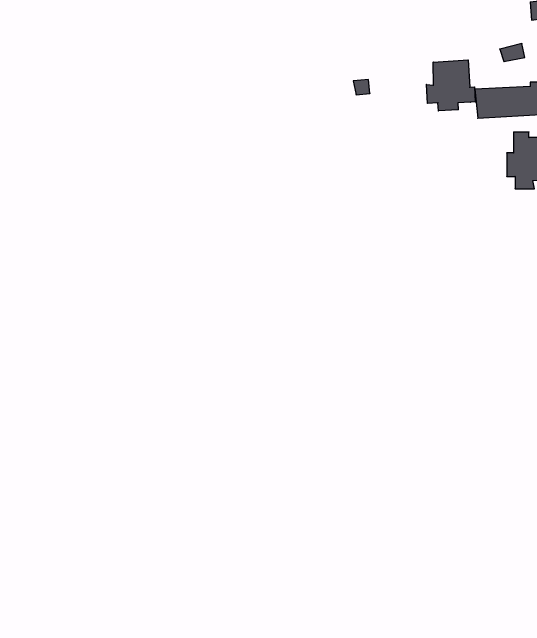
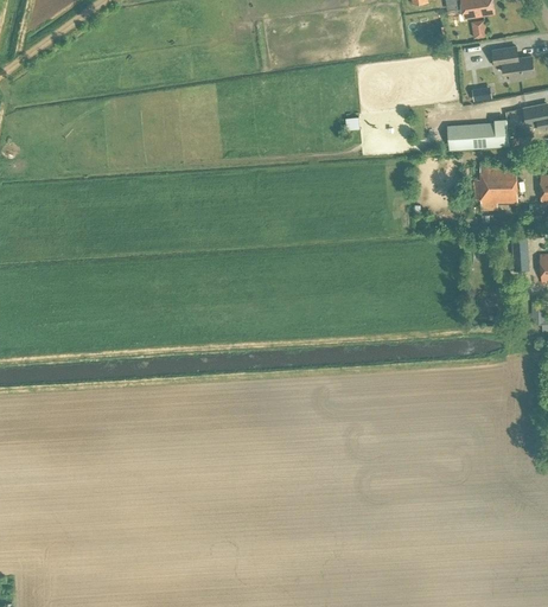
building: [426,60,475,111] -> none

